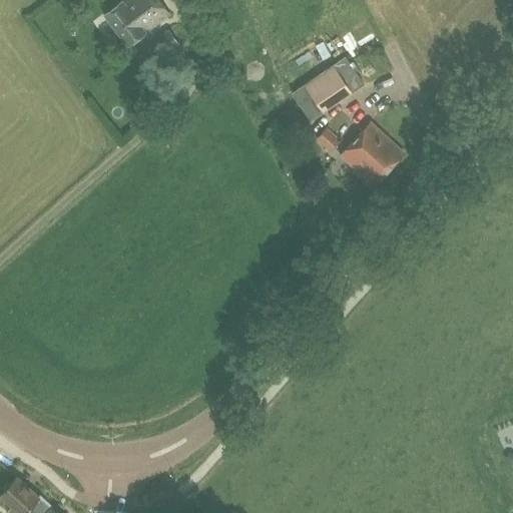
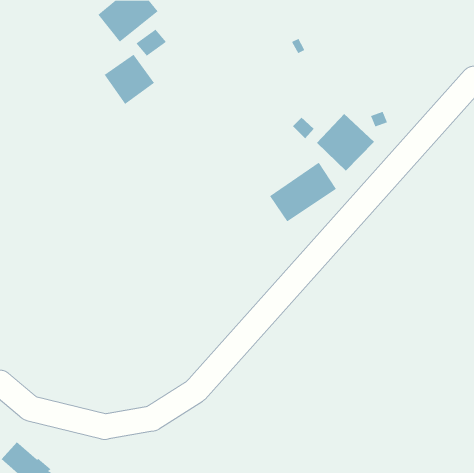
building: [291,56,364,121] -> [269,162,337,222]
building: none -> [104,54,155,105]

